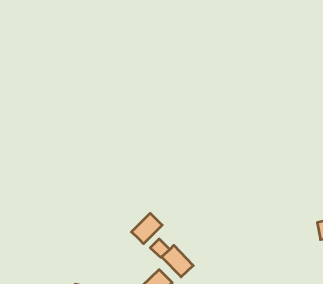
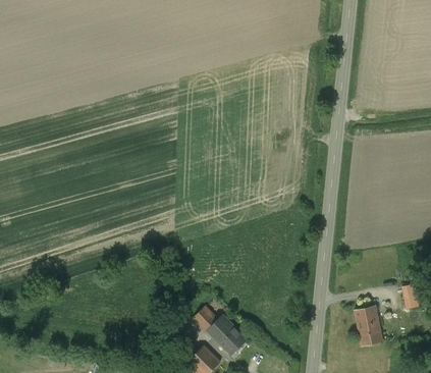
building: [131,213,162,244] -> none
building: none -> [355,306,389,345]

